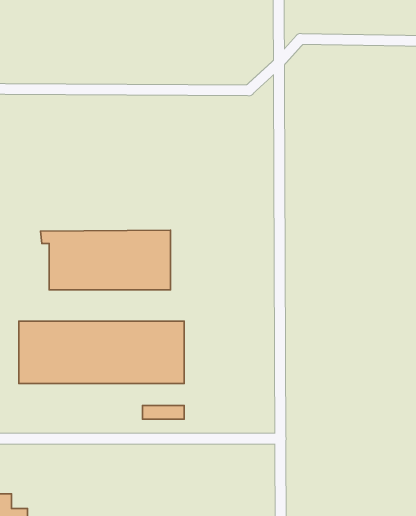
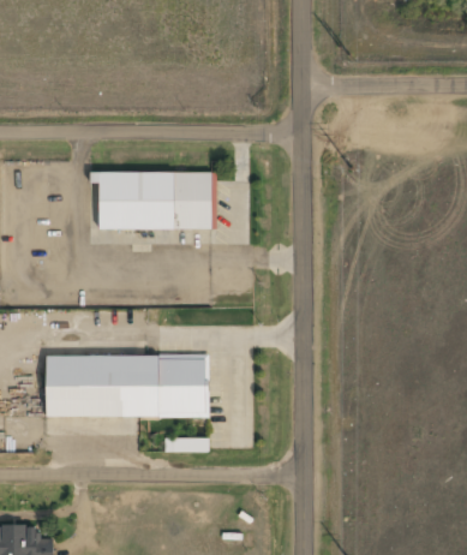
building: [41,230,170,290] -> [89,171,216,229]

